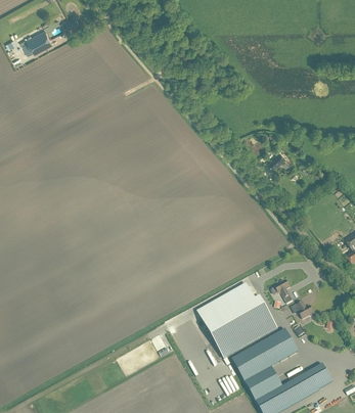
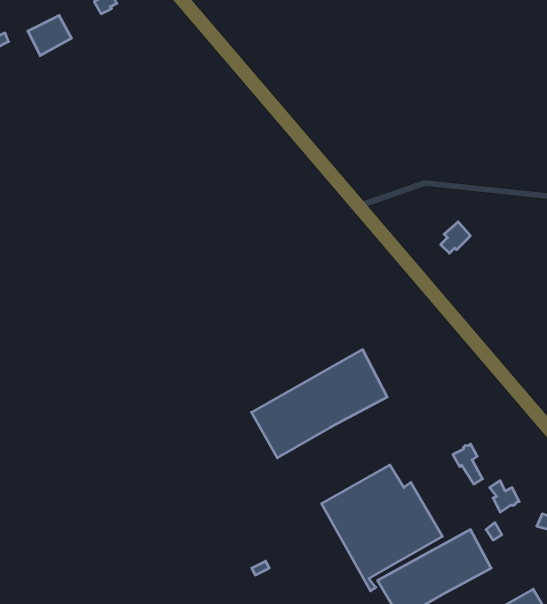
building: none -> [251,350,387,458]

